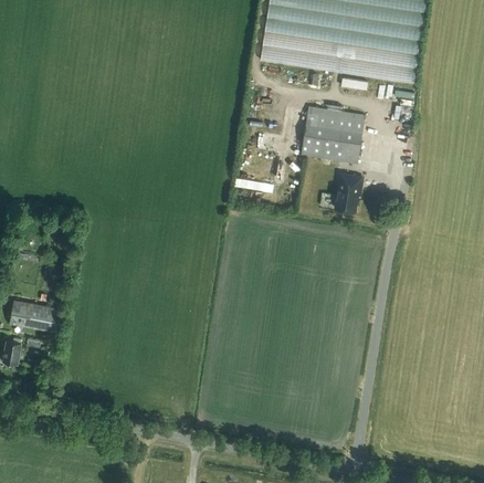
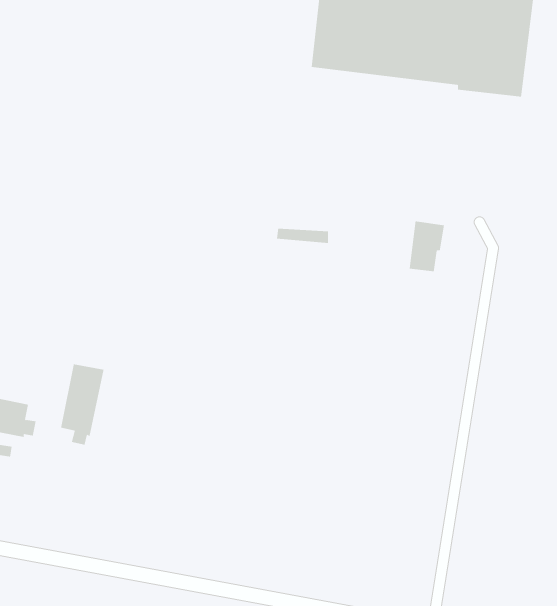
building: [298,105,362,162] -> none
building: none -> [60,364,104,445]

